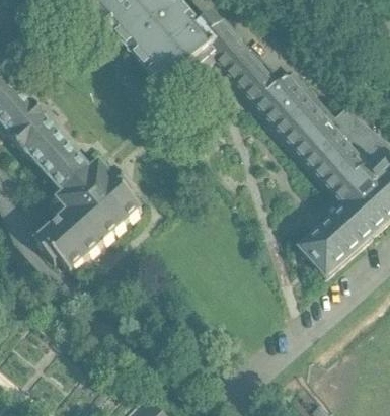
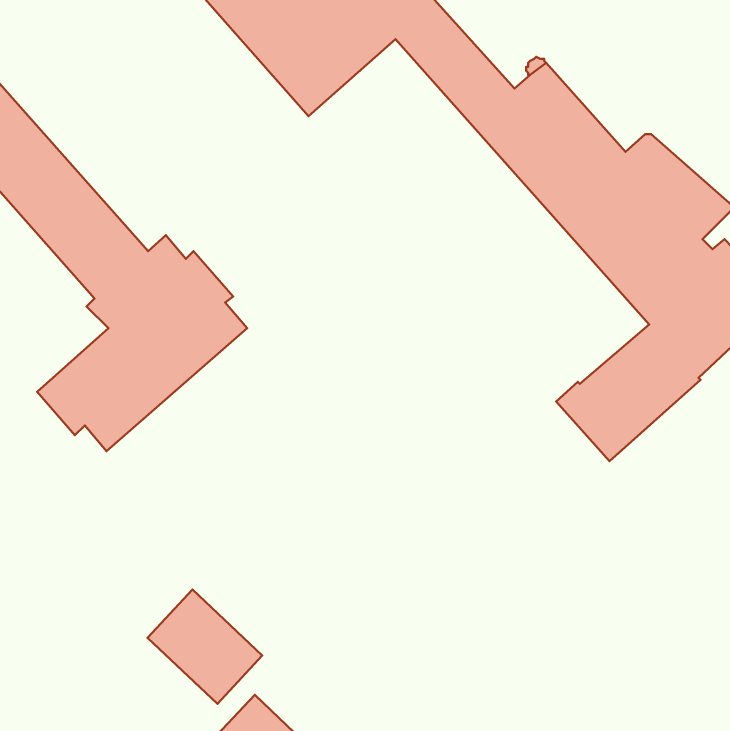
building: none -> [147,589,262,704]

